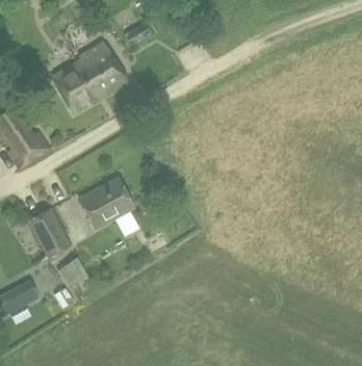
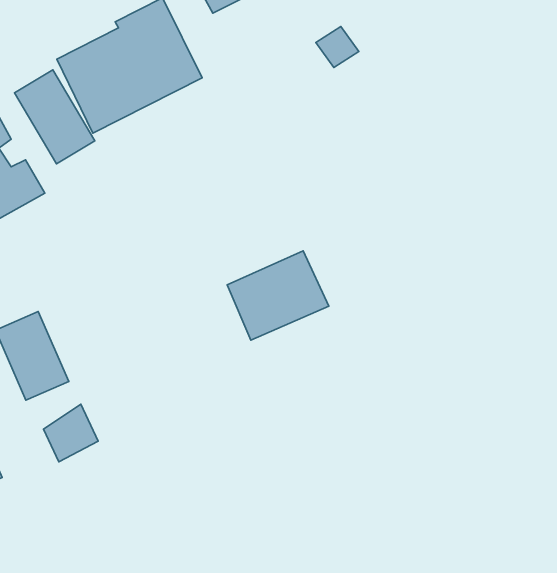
building: none -> [14,70,95,164]
building: [78,178,132,227] -> [227,251,329,340]

